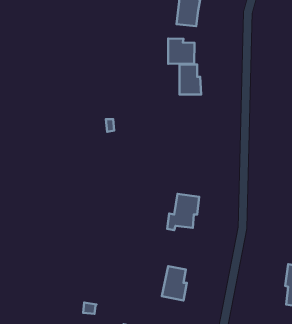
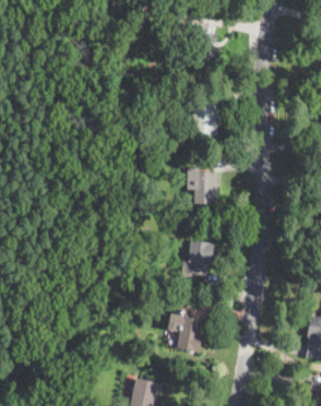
building: [168,39,195,64] -> none
building: none -> [188,167,217,203]

